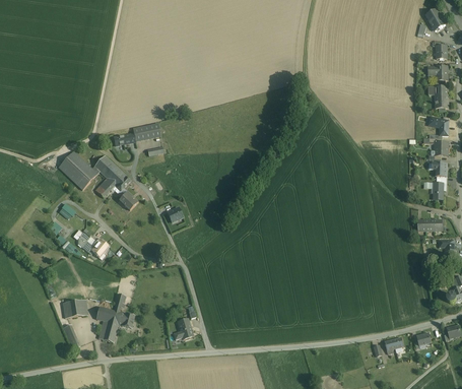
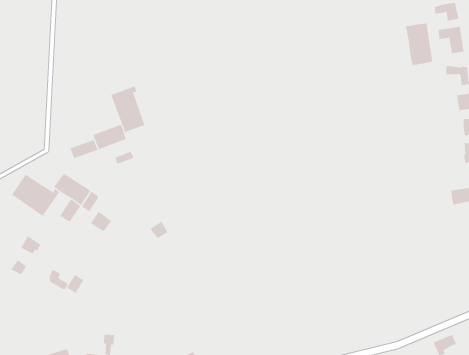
building: none -> [405,22,433,66]
building: none -> [111,86,145,133]

